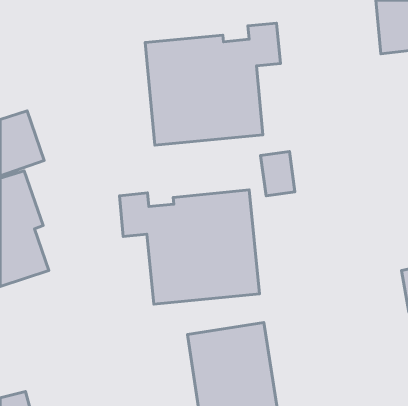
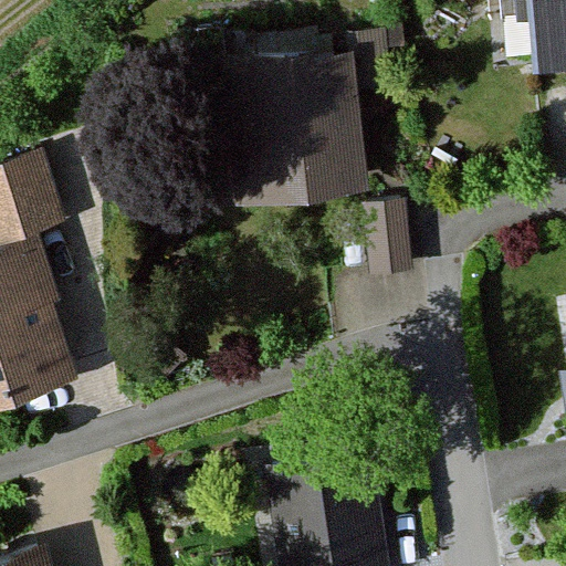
building: [120,190,259,304] -> none

